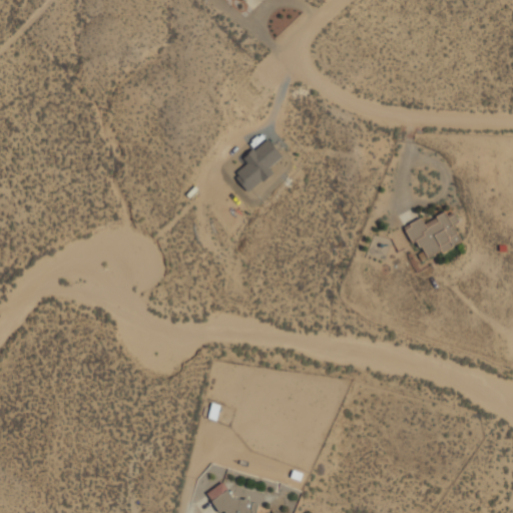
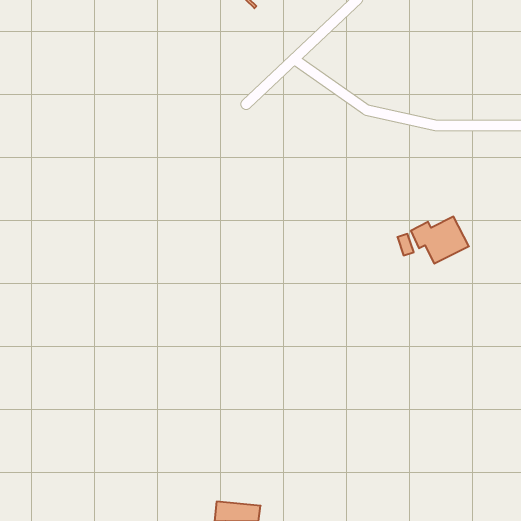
building: [234,138,283,191] -> none

